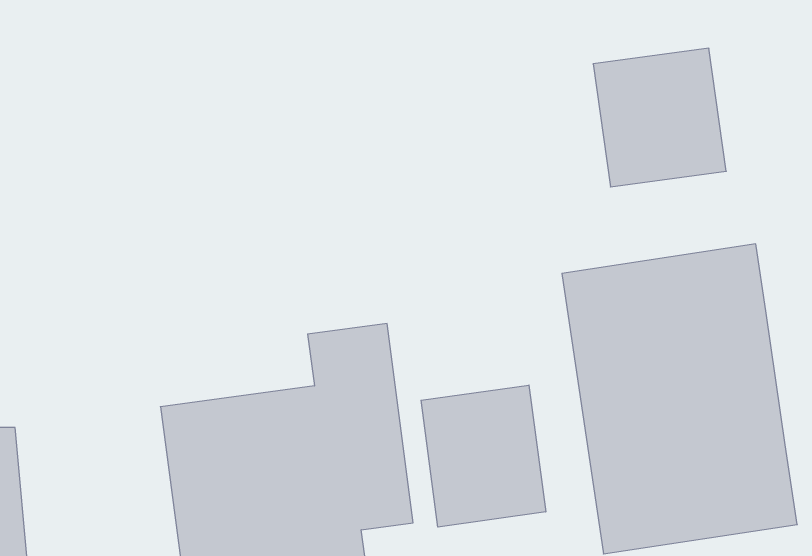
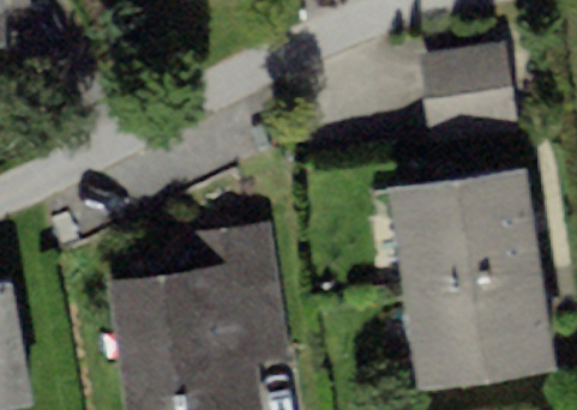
building: [421,385,546,527] -> none

